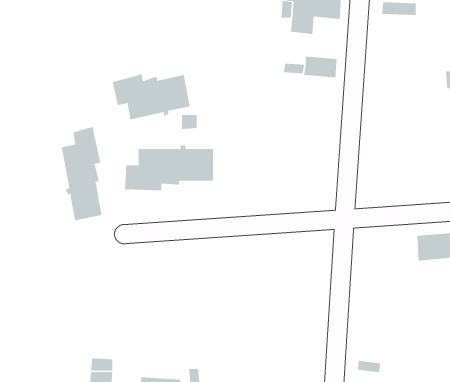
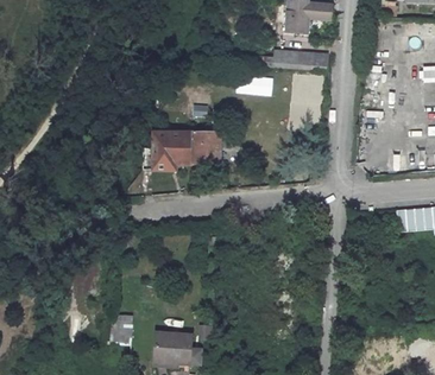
building: [112,74,190,120] -> none
building: [61,126,102,221] -> none

